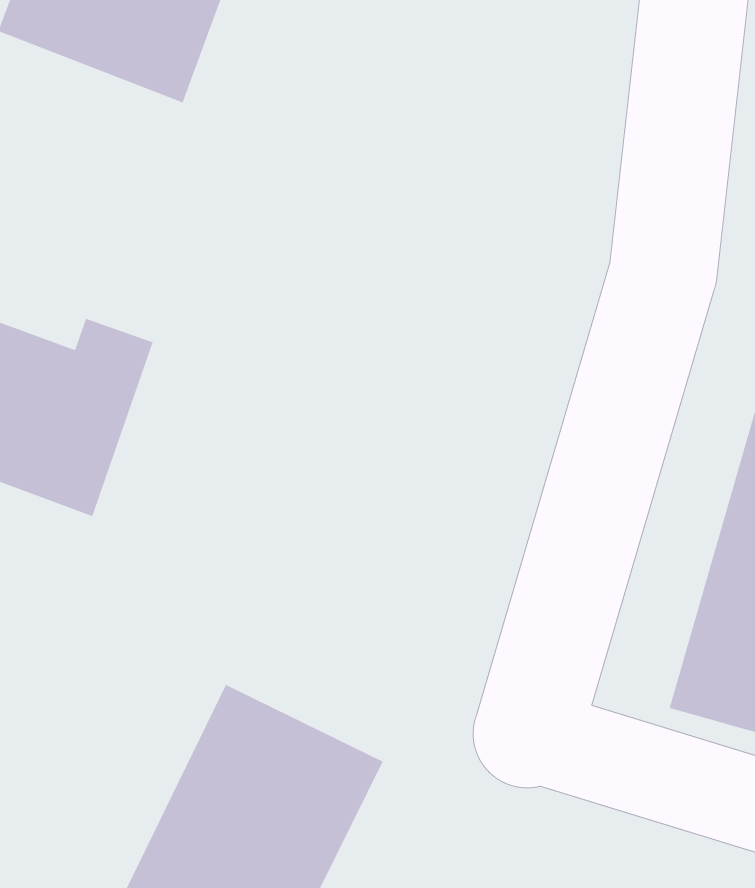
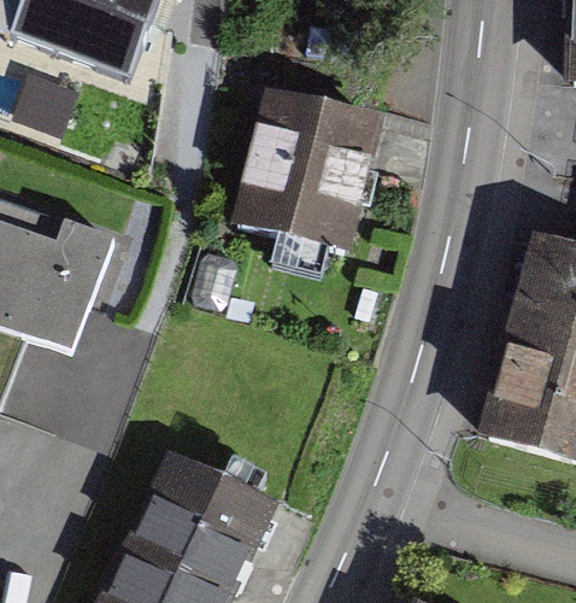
building: none -> [235,88,381,245]

